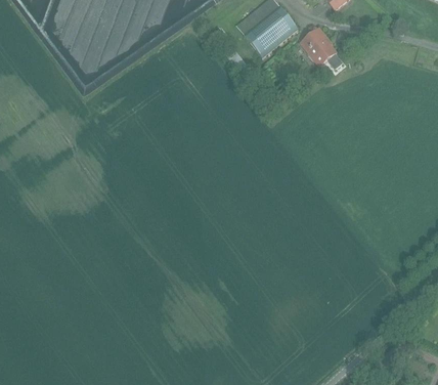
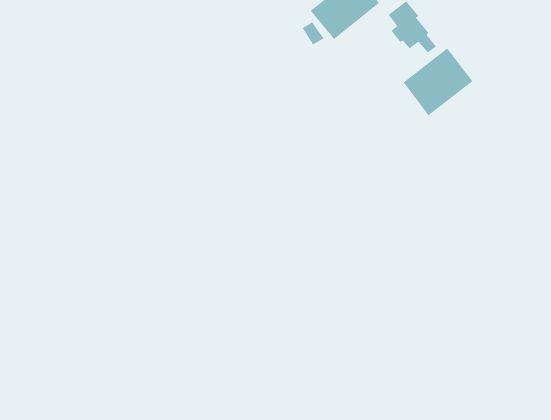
building: none -> [403,48,473,116]

